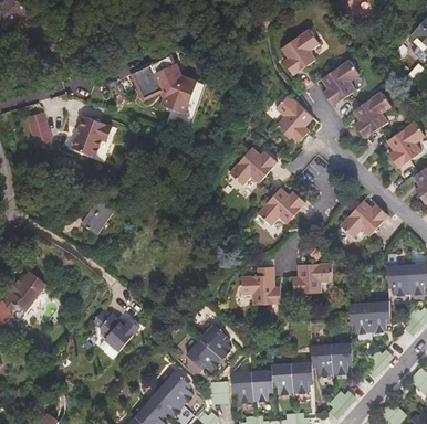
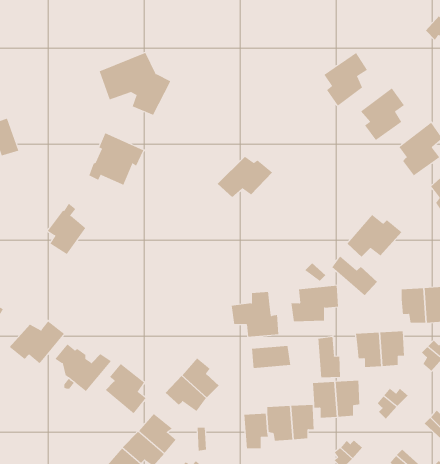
building: [281,25,320,73] -> none
building: [277,93,314,140] -> none
building: [71,117,119,163] -> [88,132,144,186]
building: [258,186,305,224] -> none
building: none -> [331,255,378,296]
building: none -> [9,320,65,364]
building: none -> [318,336,340,378]
building: none -> [251,345,291,369]
building: none -> [105,363,146,414]
building: [230,372,253,403] -> none

